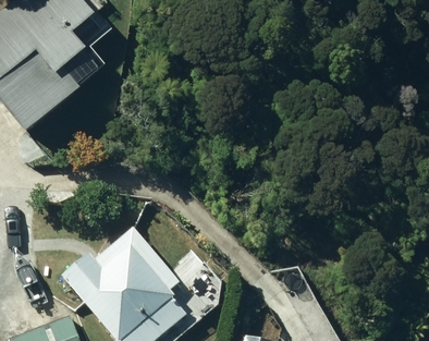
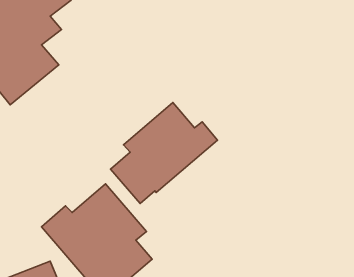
building: none -> [111,103,217,204]

